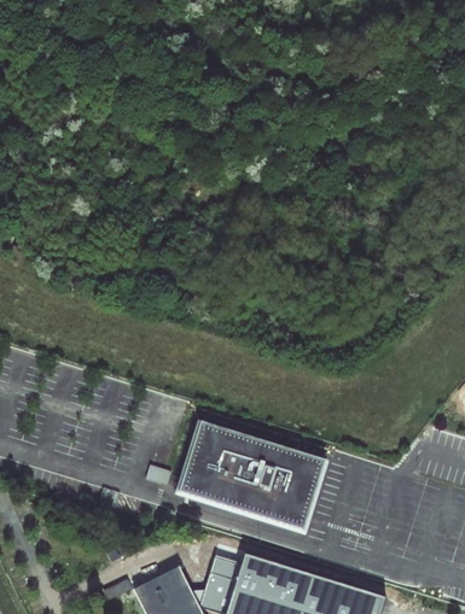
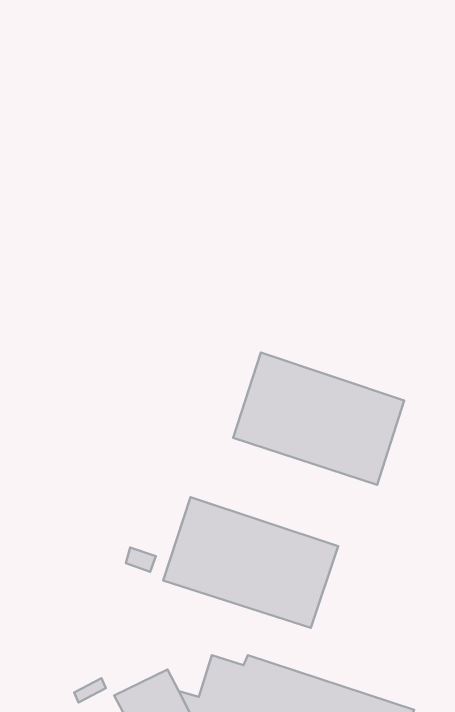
building: none -> [233,353,404,485]

